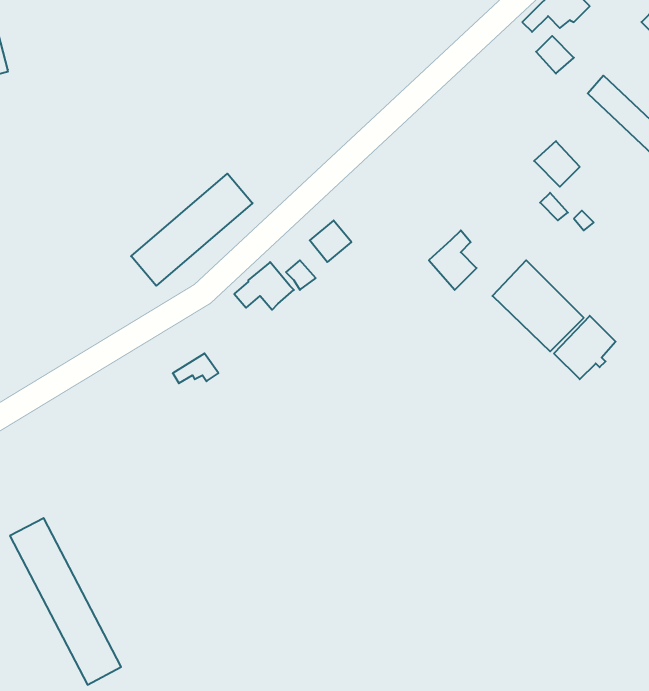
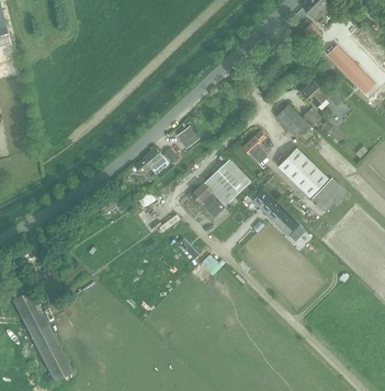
building: [131,174,253,286] -> none
building: none -> [275,103,312,135]
building: none -> [191,157,251,223]
building: none -> [251,188,305,241]

